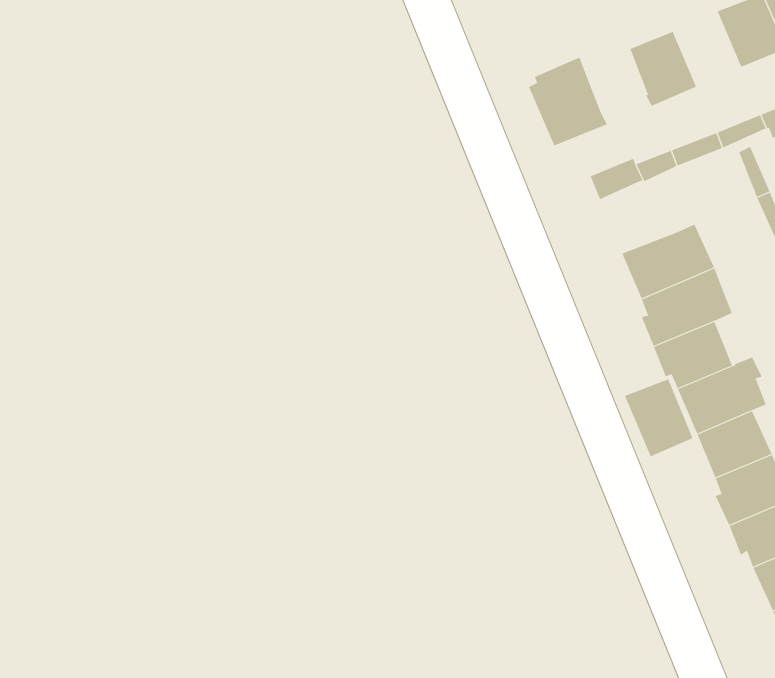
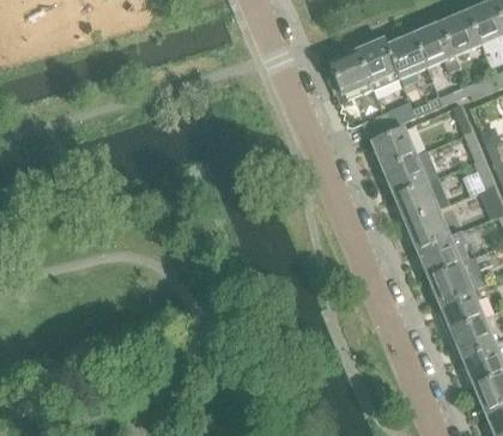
building: none -> [412,22,459,72]
building: none -> [356,38,396,83]
building: none -> [370,127,414,168]
building: [624,378,693,457] -> none

